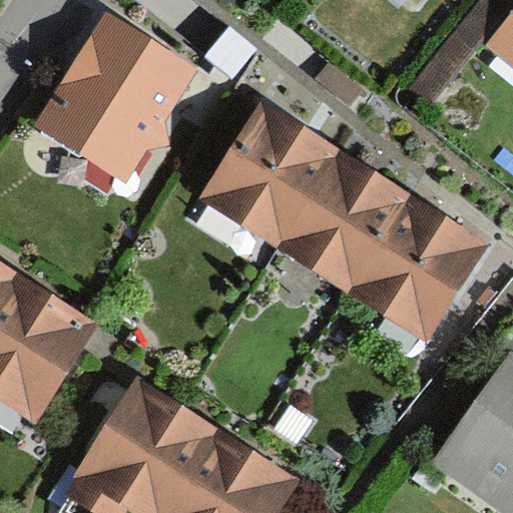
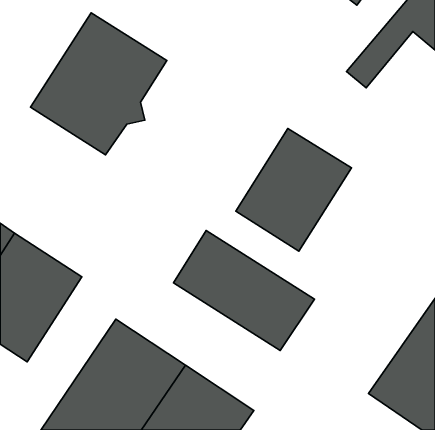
building: [201,103,339,248] -> none
building: [352,197,488,342] -> none
building: none -> [173,231,314,351]

